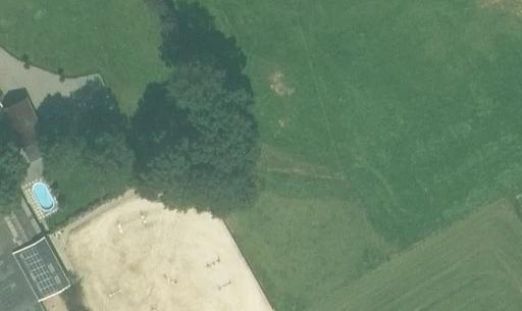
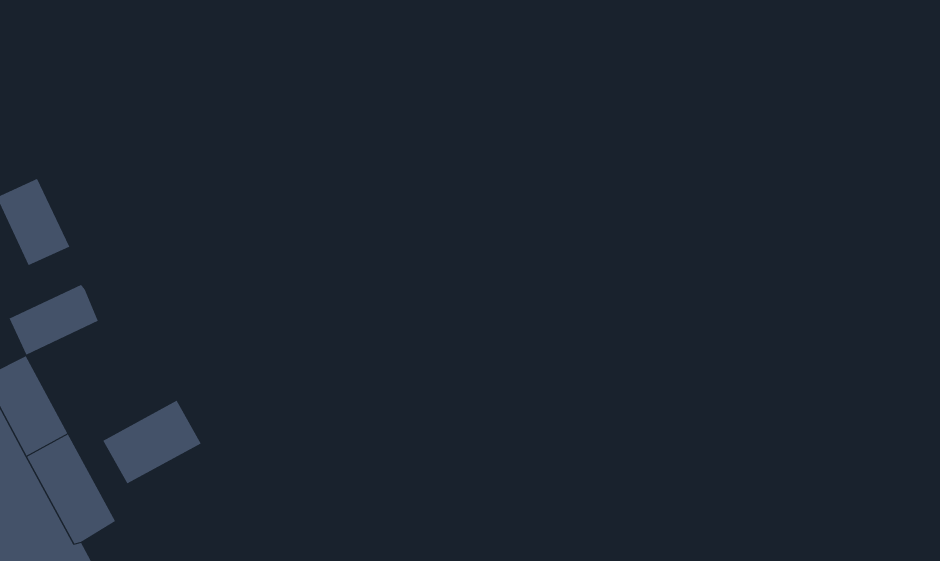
building: none -> [9,284,99,355]
building: none -> [103,400,202,484]

